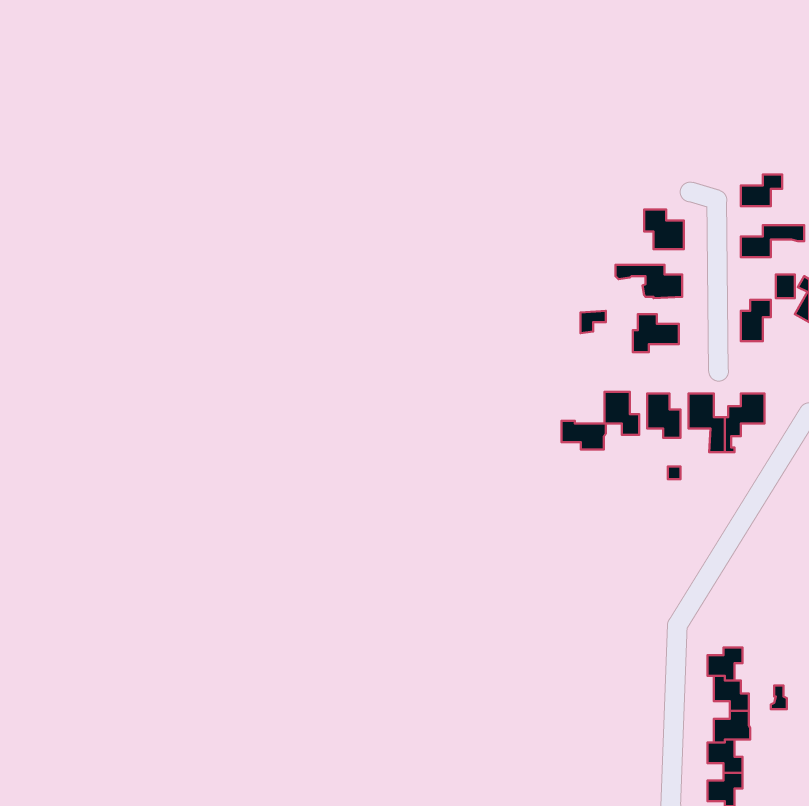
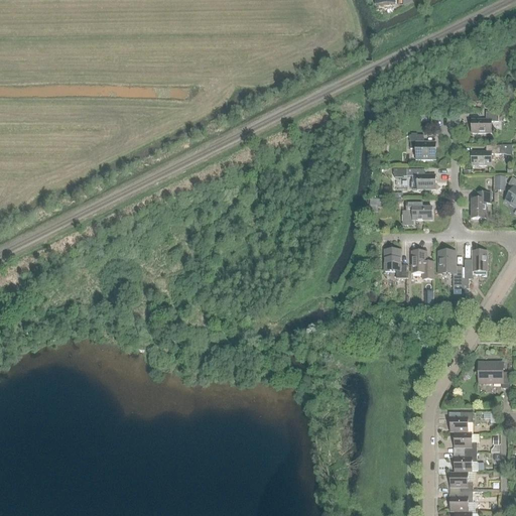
building: [561,421,606,449] -> none
building: none -> [474,362,509,387]

